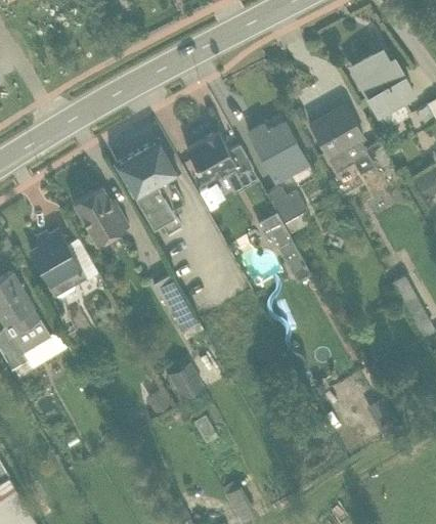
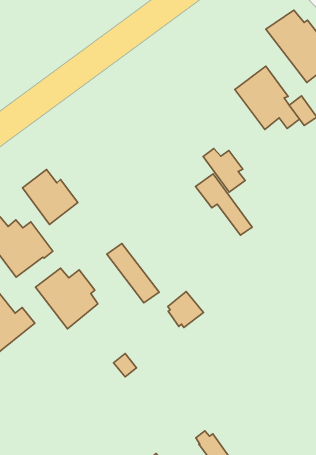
building: [247,121,307,183] -> none
building: [185,132,257,192] -> none
building: [116,139,180,233] -> none
building: none -> [35,268,98,329]
building: [166,361,203,399] -> [168,291,203,328]

